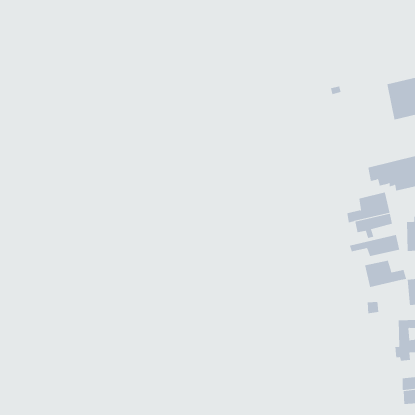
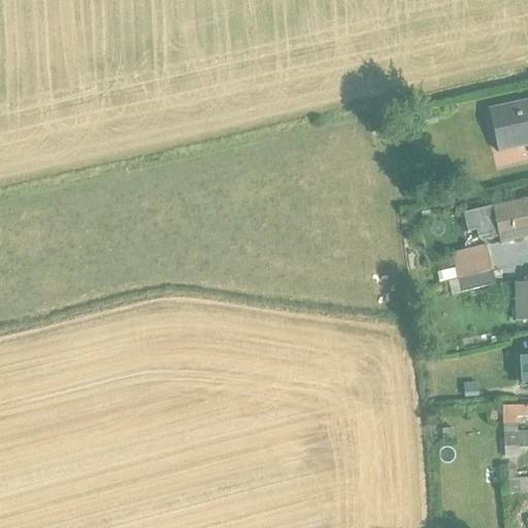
building: [349,234,400,257] -> none
building: [364,260,407,288] -> none

